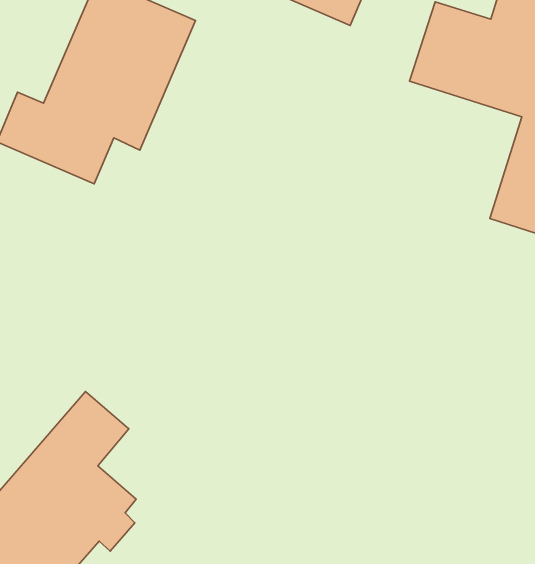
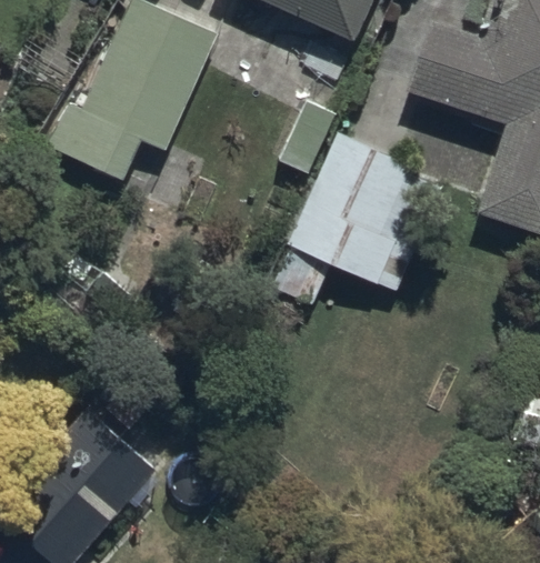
building: none -> [268,134,443,305]

